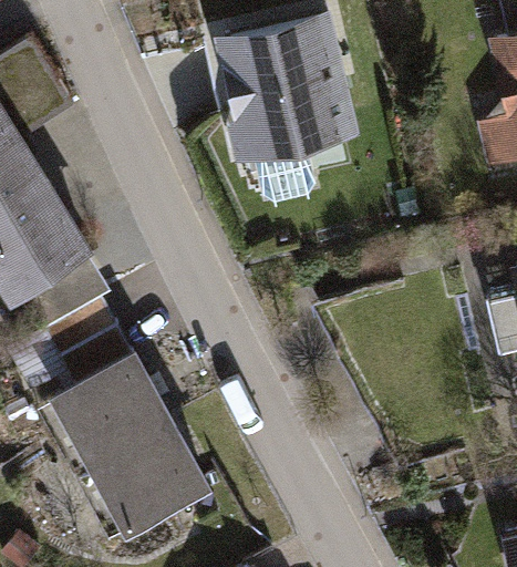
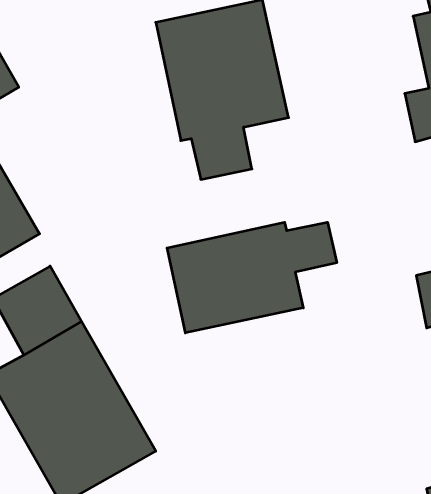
building: none -> [167,222,337,333]

